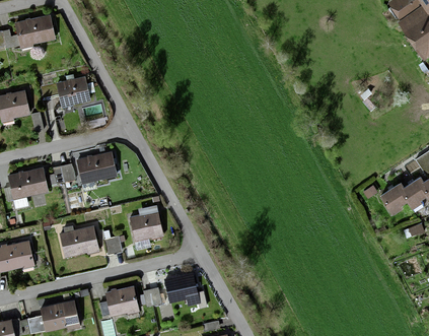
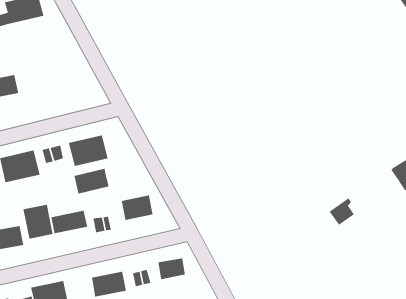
building: [39,77,88,105] -> none
building: [379,182,406,210] -> [328,197,355,226]
building: none -> [73,168,110,194]
building: none -> [22,204,54,239]

